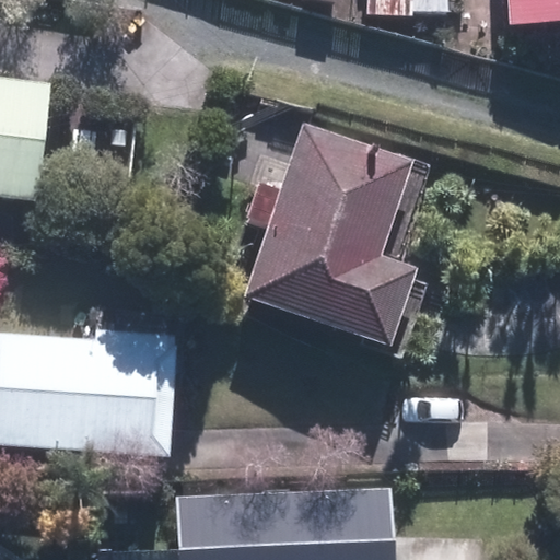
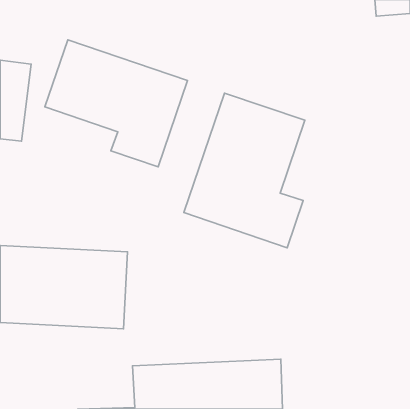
building: none -> [45,40,188,167]

